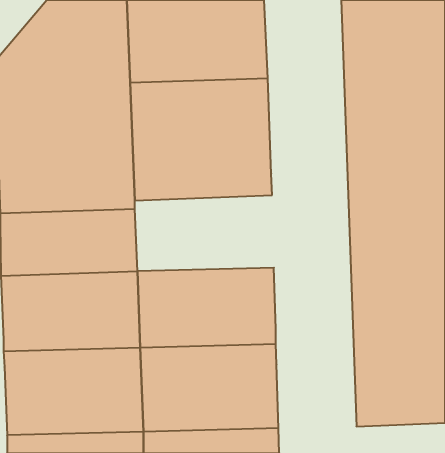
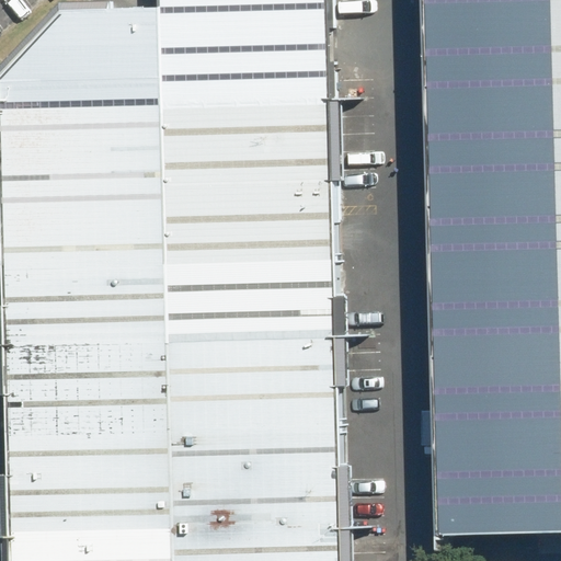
building: none -> [167,241,339,335]

